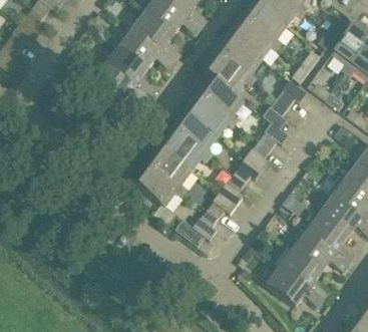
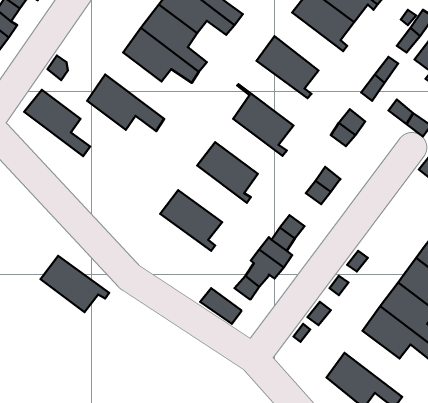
building: [230,17,280,59] -> none
building: [106,46,154,94] -> [24,90,90,156]
building: [204,52,254,99] -> none
building: [187,94,236,134] -> none
building: [159,128,210,170] -> none
building: [133,163,183,205] -> [40,256,109,312]
building: [275,244,329,297] -> none

